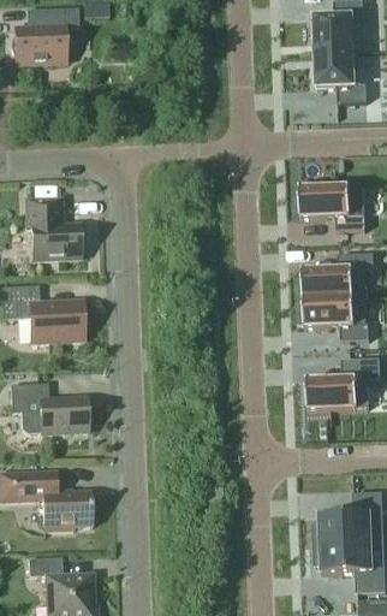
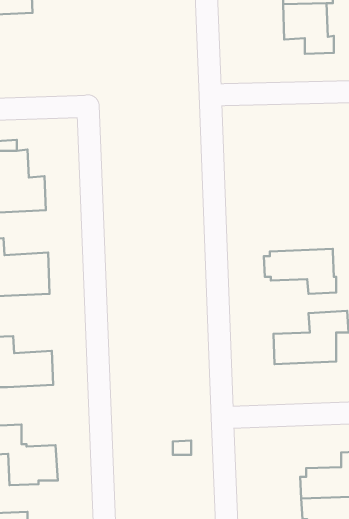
building: [298,180,364,230] -> none
building: [300,251,374,297] -> none

